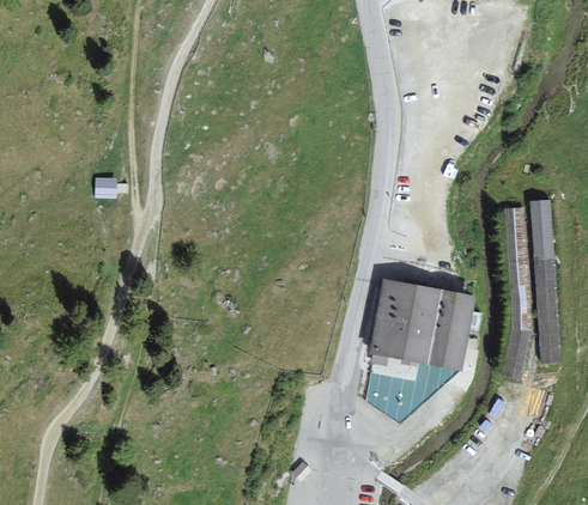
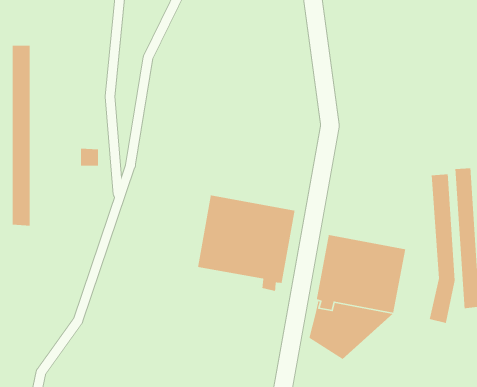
building: none -> [12,45,31,226]
building: none -> [197,194,296,292]

